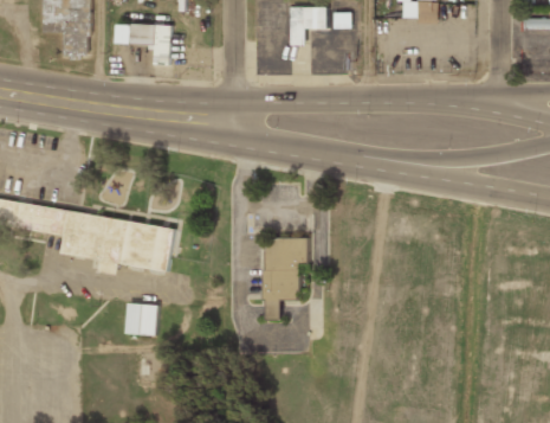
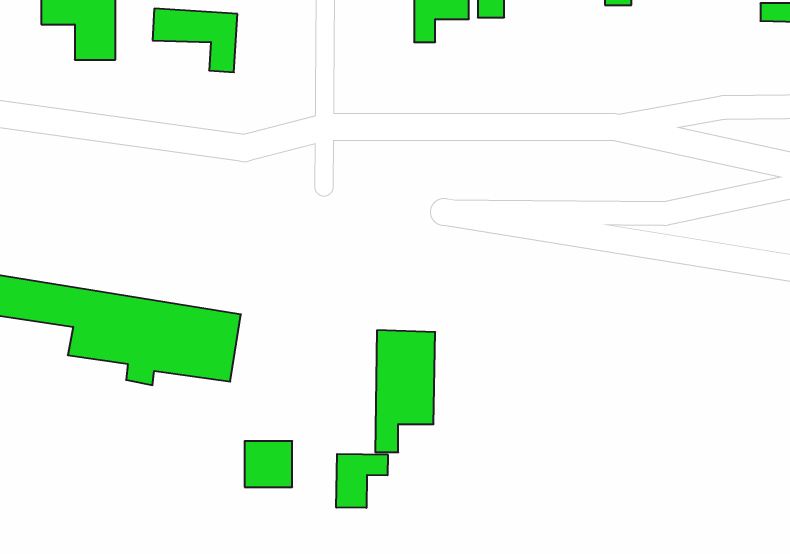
building: [125,303,157,334] -> [245,441,292,487]
building: none -> [336,454,388,508]

